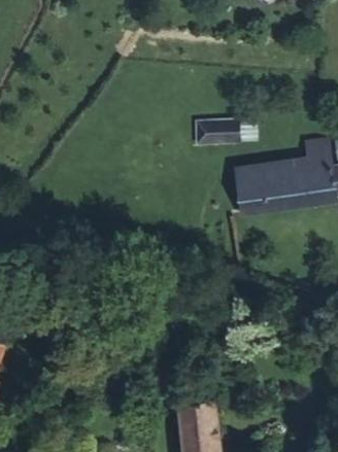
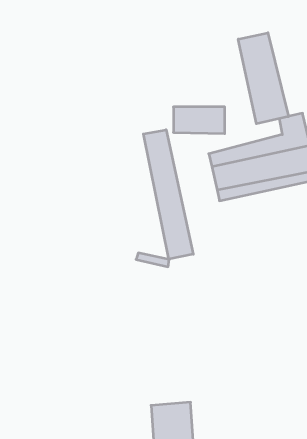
building: none -> [238,33,288,124]
building: none -> [143,130,193,259]

